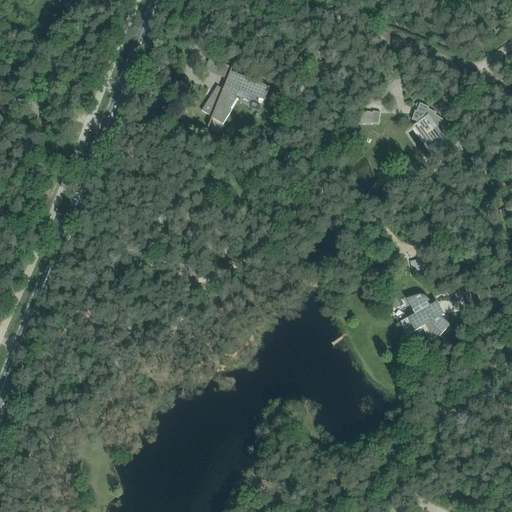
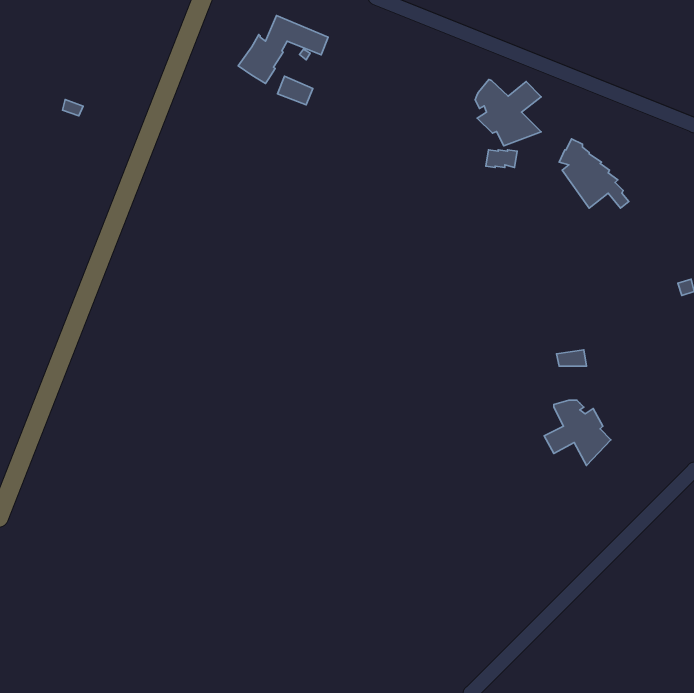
building: none -> [475,79,541,146]
building: [203,70,269,120] -> [238,15,328,83]

